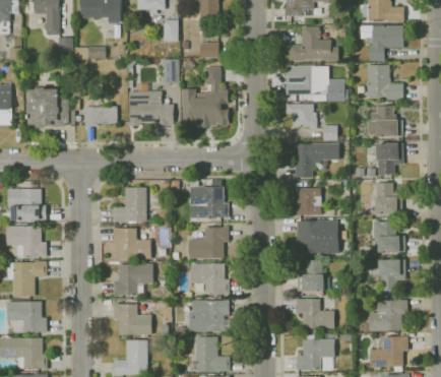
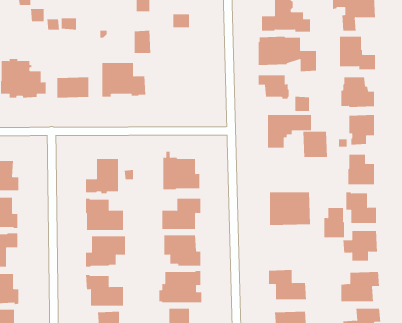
building: [181,66,228,125] -> none
building: [296,188,321,214] -> [302,131,328,158]
building: [302,260,323,291] -> [323,207,345,238]

